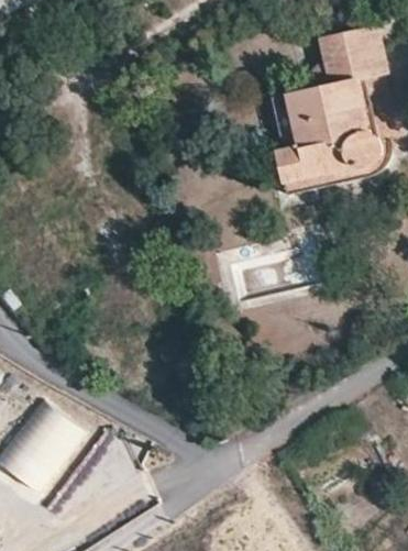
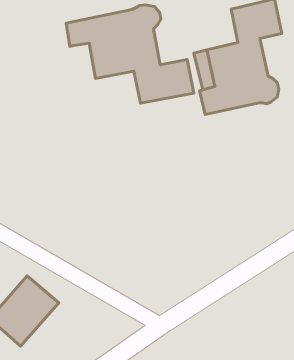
building: none -> [66,5,194,103]

